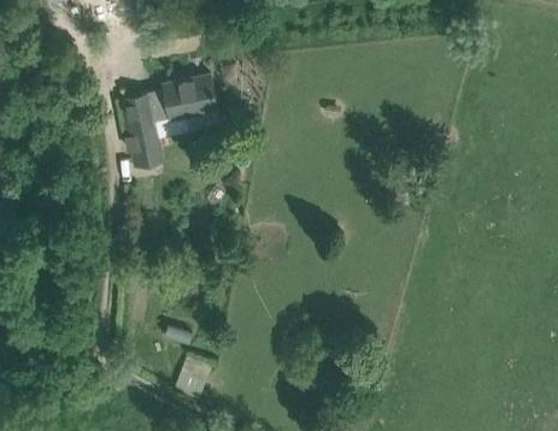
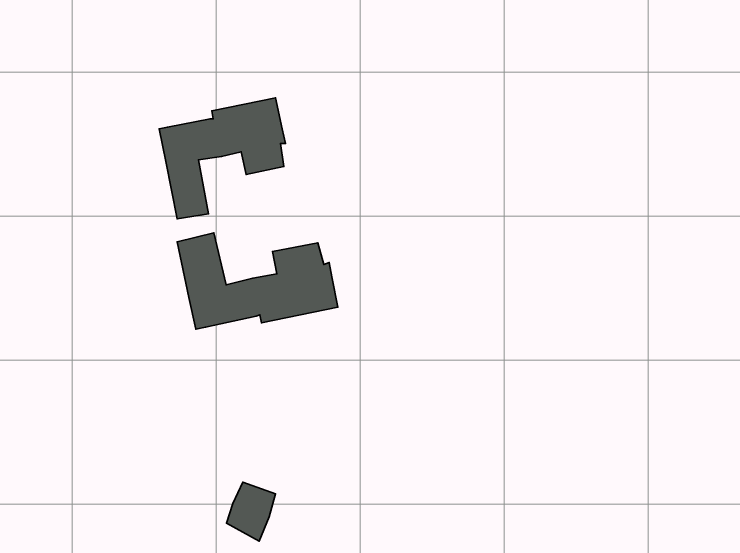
building: none -> [177,233,338,329]

